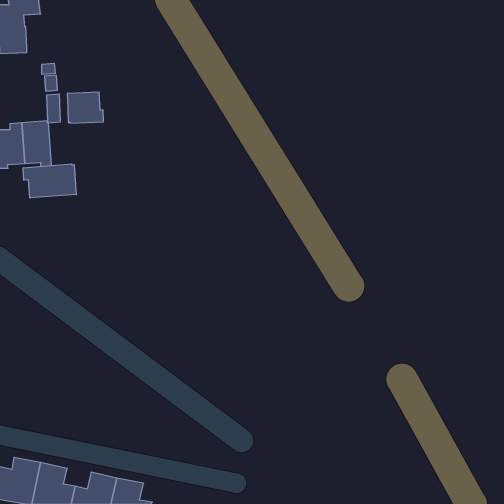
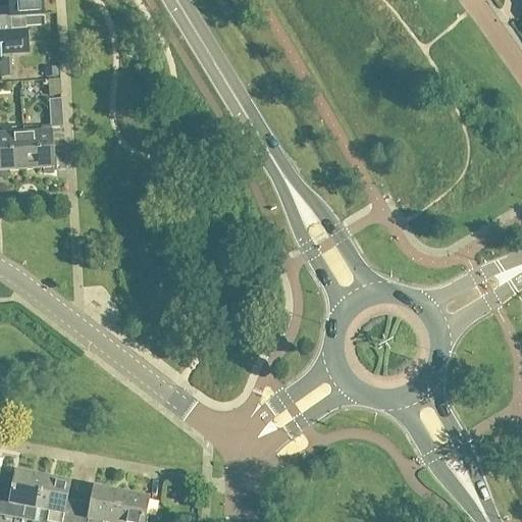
building: [68,92,103,123] -> none
building: [23,164,76,198] -> none

